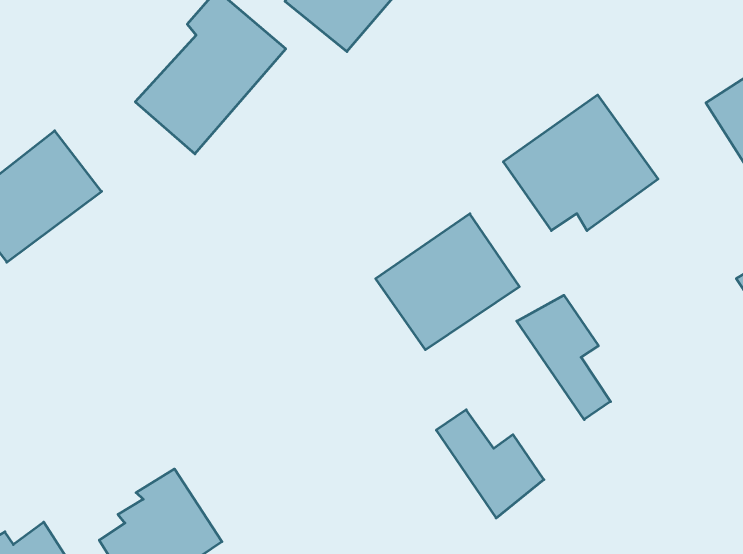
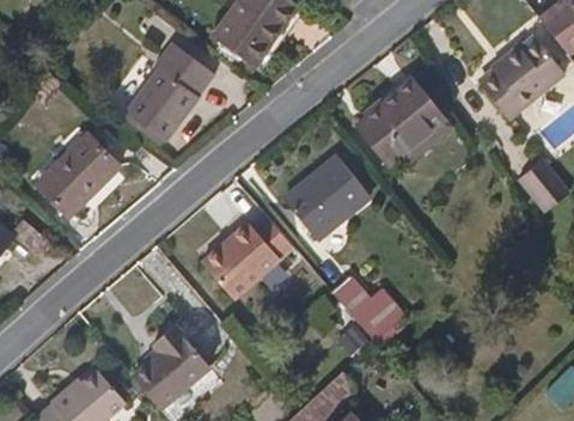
building: [517,295,611,420] -> none
building: none -> [203,215,298,300]

